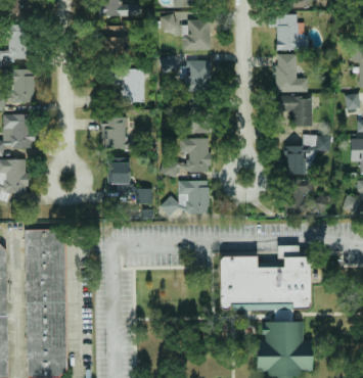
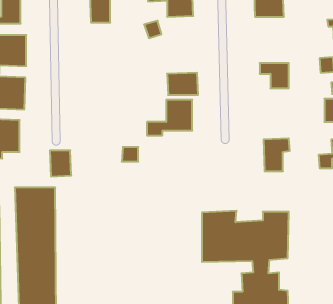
building: [276,53,309,92] -> none
building: [181,59,211,92] -> none
building: [105,68,144,102] -> none
building: [101,116,127,148] -> none
building: [285,135,330,174] -> none
building: [107,162,130,190] -> [50,150,71,176]
building: [164,180,209,212] -> none

